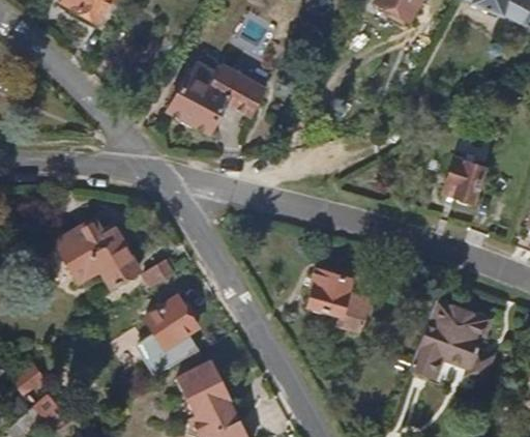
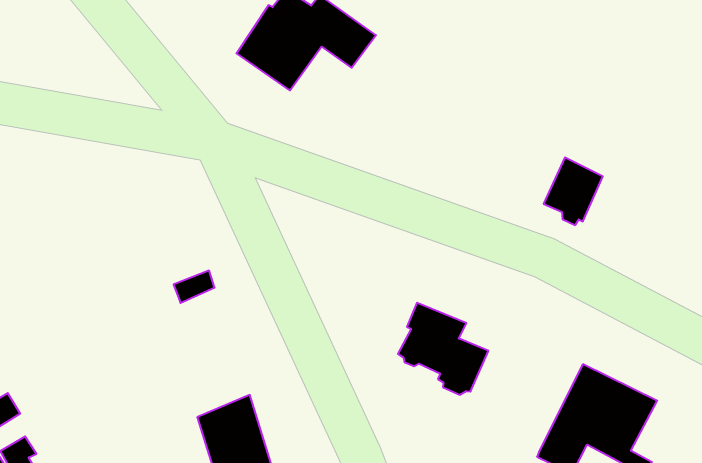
building: [444,158,483,205] -> [544,157,603,225]
building: [49,213,141,288] -> none
building: [147,298,200,350] -> none

